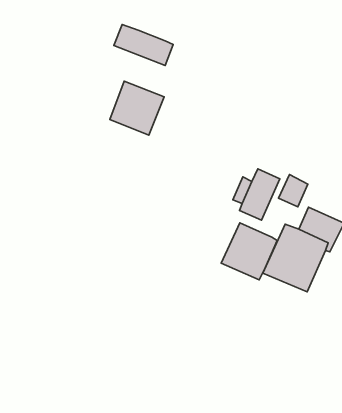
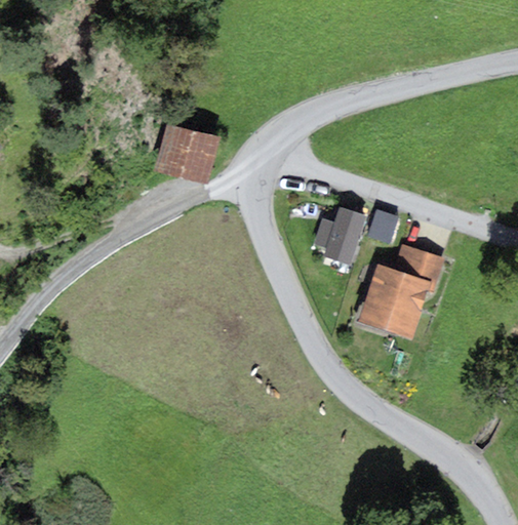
building: [114,24,173,66] -> none
building: [221,223,277,280] -> none

